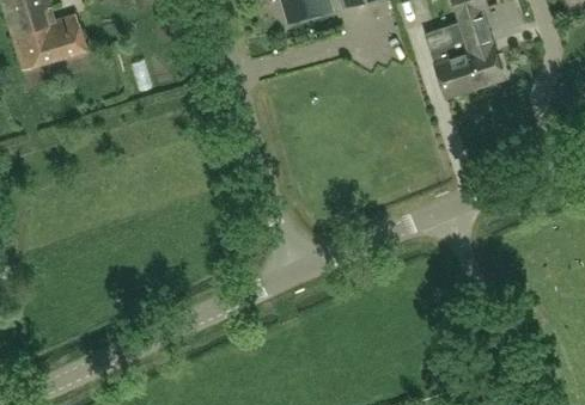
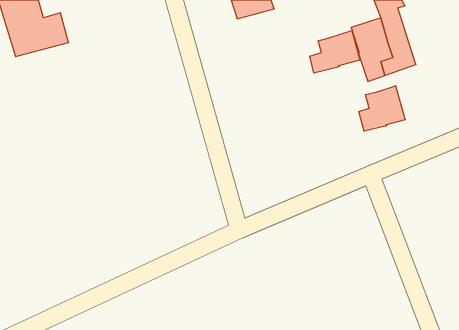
building: none -> [310,31,360,73]
building: none -> [359,86,405,131]

